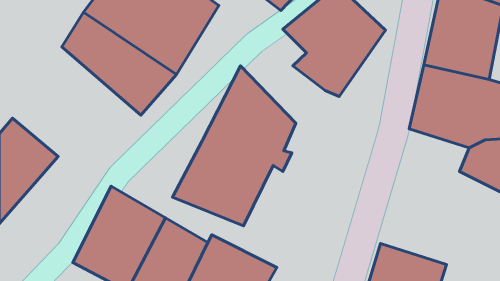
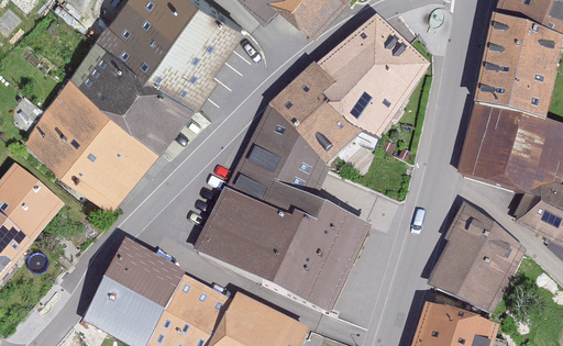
building: none -> [268,62,363,166]
building: none -> [24,81,157,214]
building: none -> [272,199,371,313]
building: none -> [427,201,526,313]

